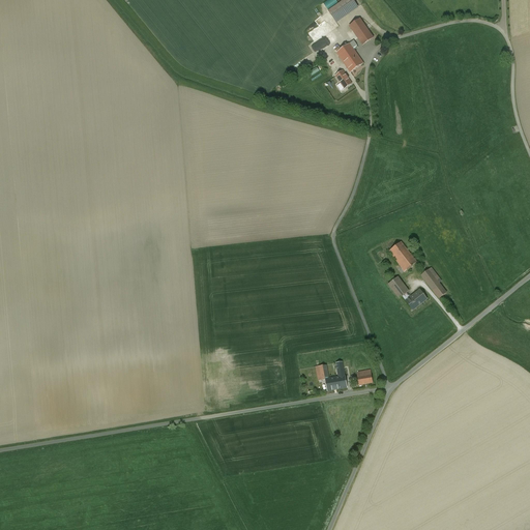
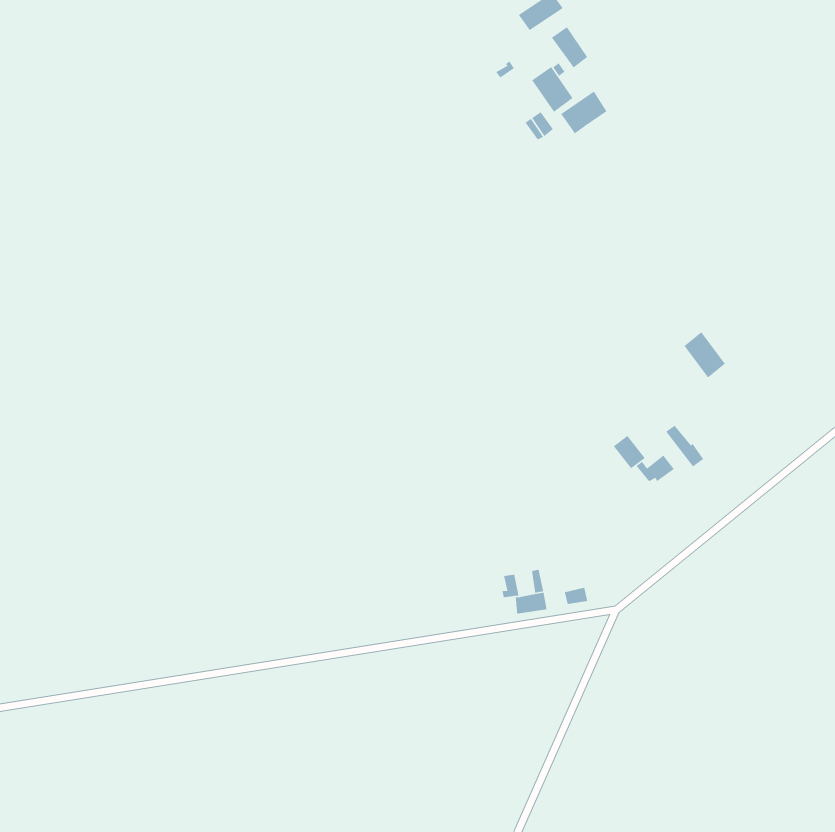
building: none -> [560,91,607,135]
building: [389,240,416,270] -> [683,331,726,379]

